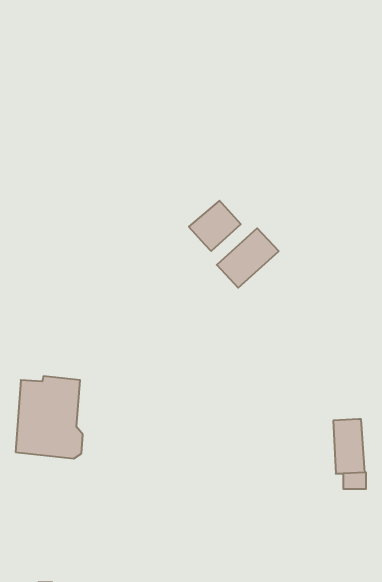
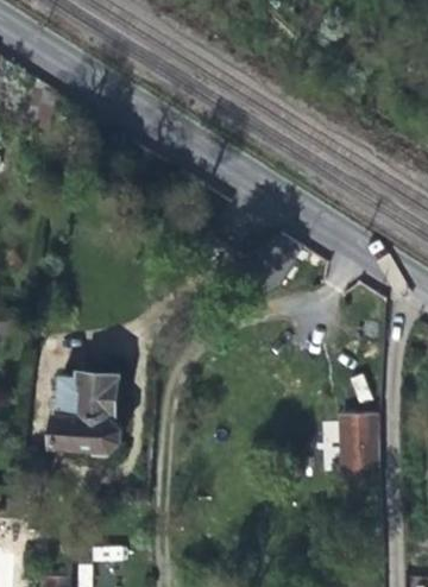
building: [189,201,241,251] -> none

